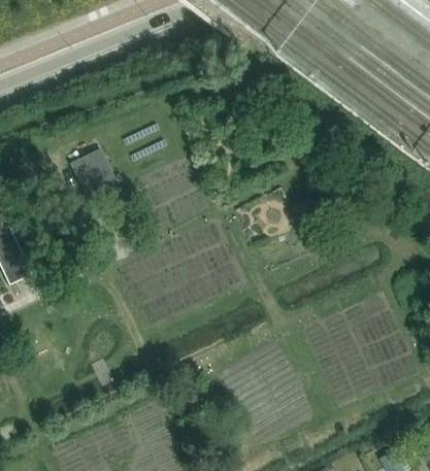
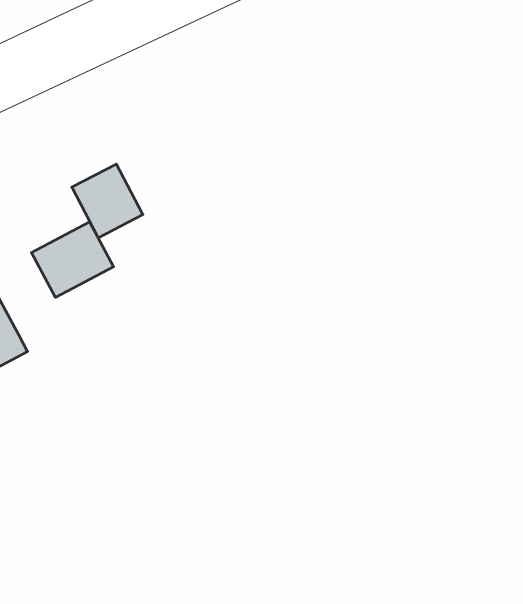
building: none -> [31,222,114,297]

